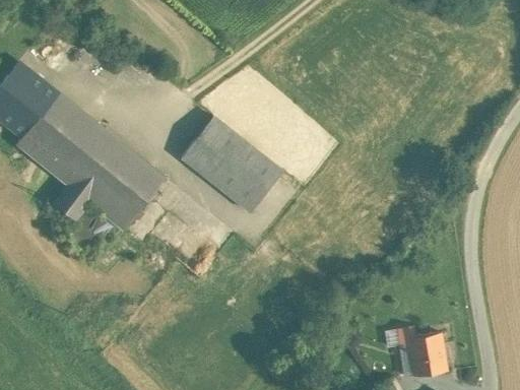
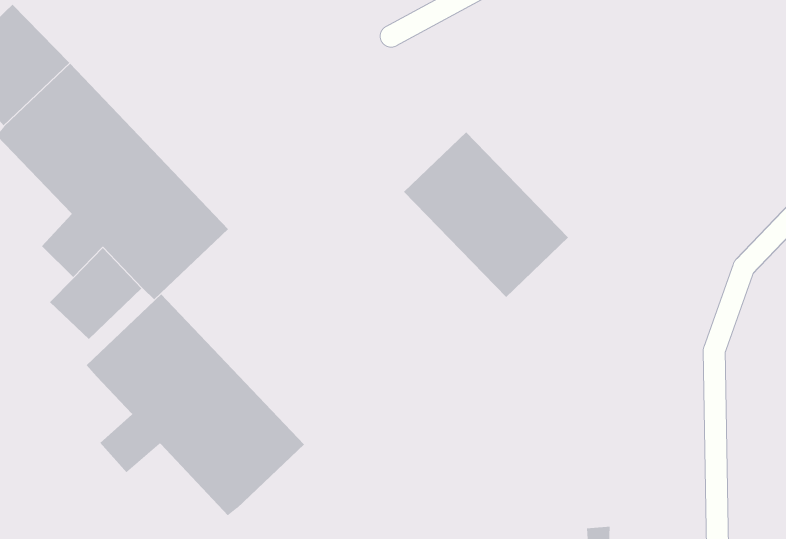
building: [182,117,283,212] -> [403,131,569,298]
building: none -> [86,294,305,516]

